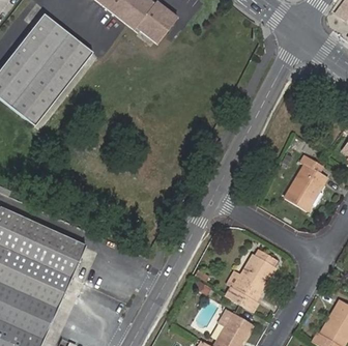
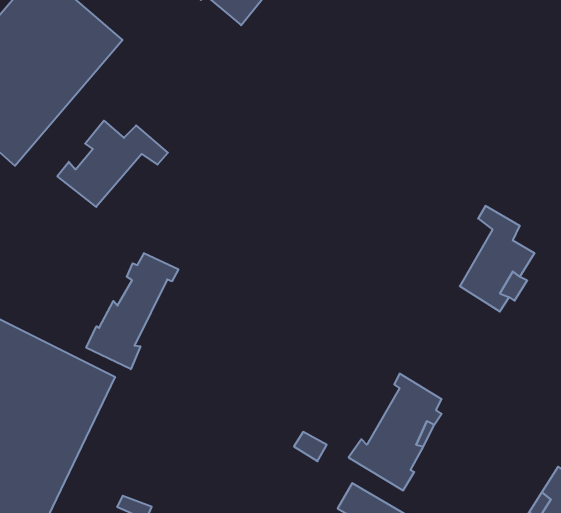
building: none -> [57,121,168,207]
building: none -> [86,253,178,369]

